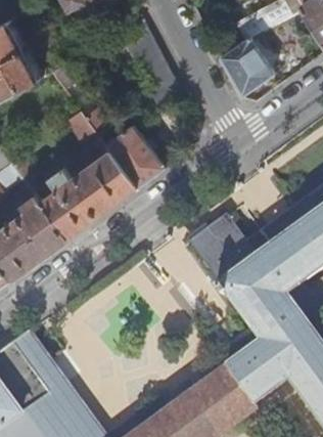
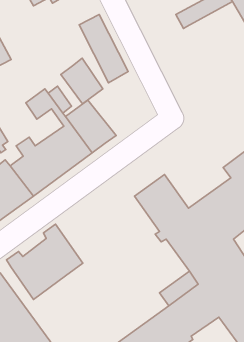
building: [221,39,275,98] -> none
building: none -> [61,58,103,104]
building: none -> [7,224,83,300]

